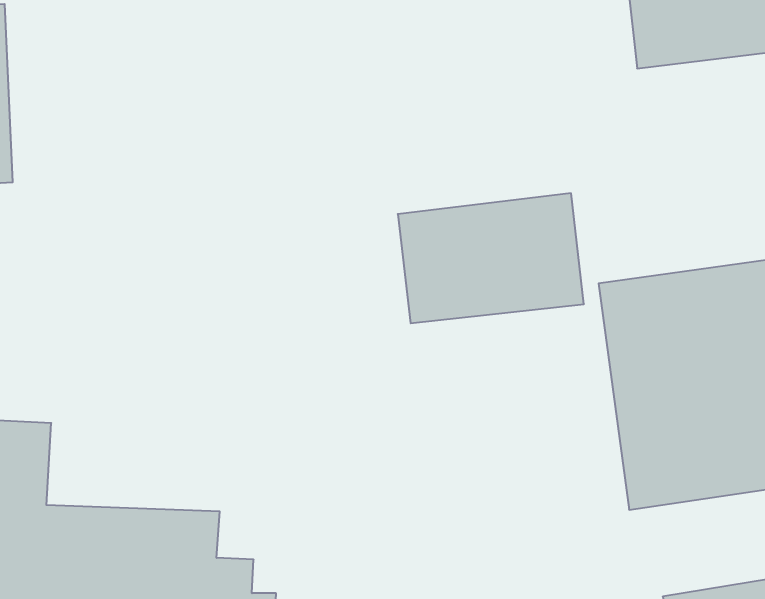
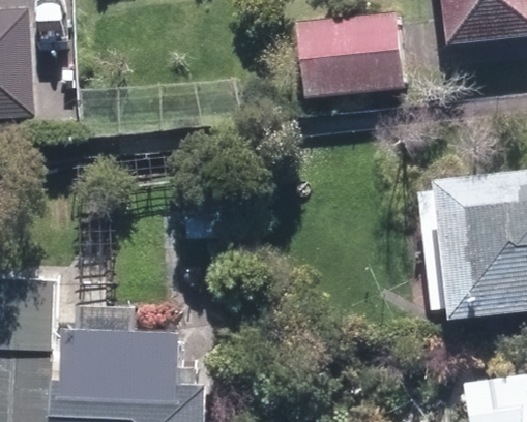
building: [398,193,584,323] -> [289,10,409,94]

